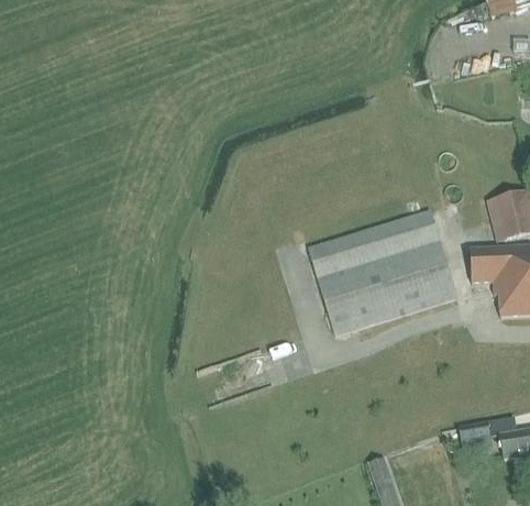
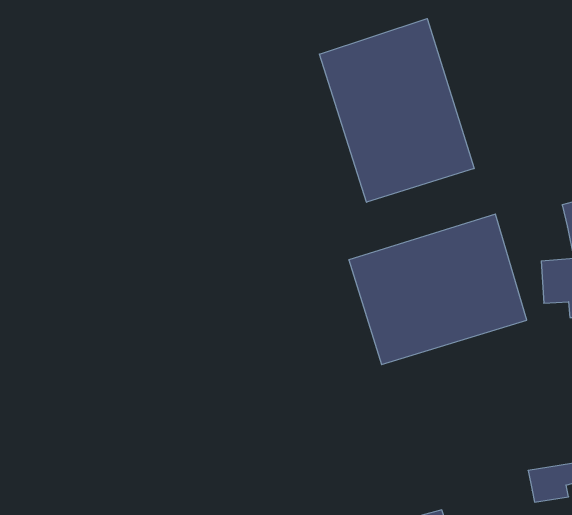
building: none -> [319,19,474,202]

